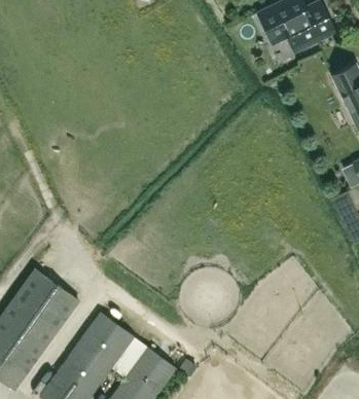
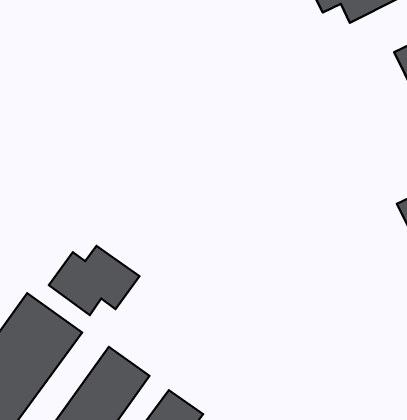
building: none -> [49,246,139,315]

